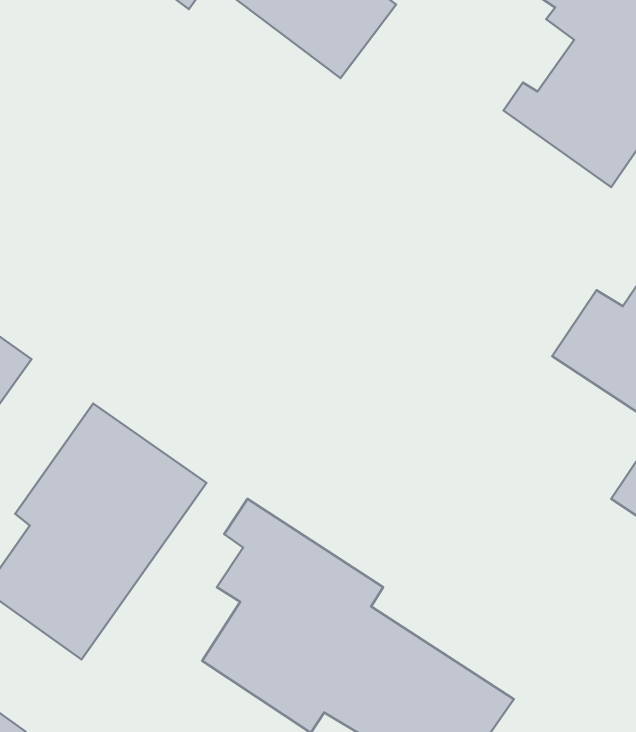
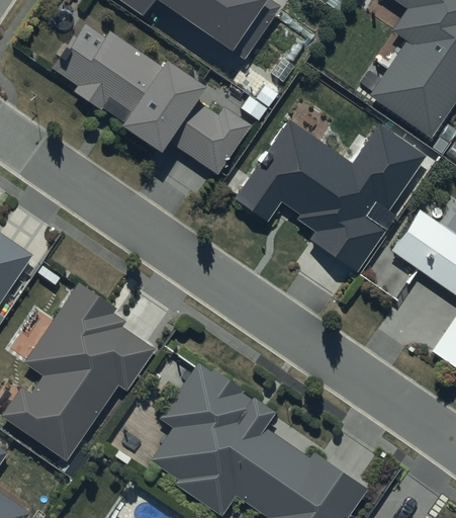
building: none -> [61,26,250,173]
building: none -> [237,120,424,268]

